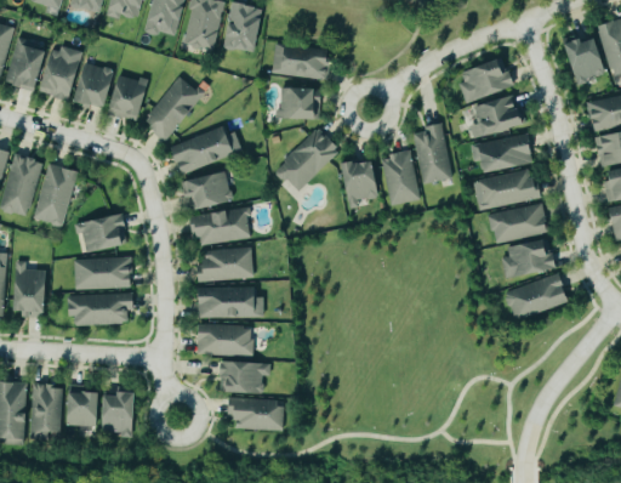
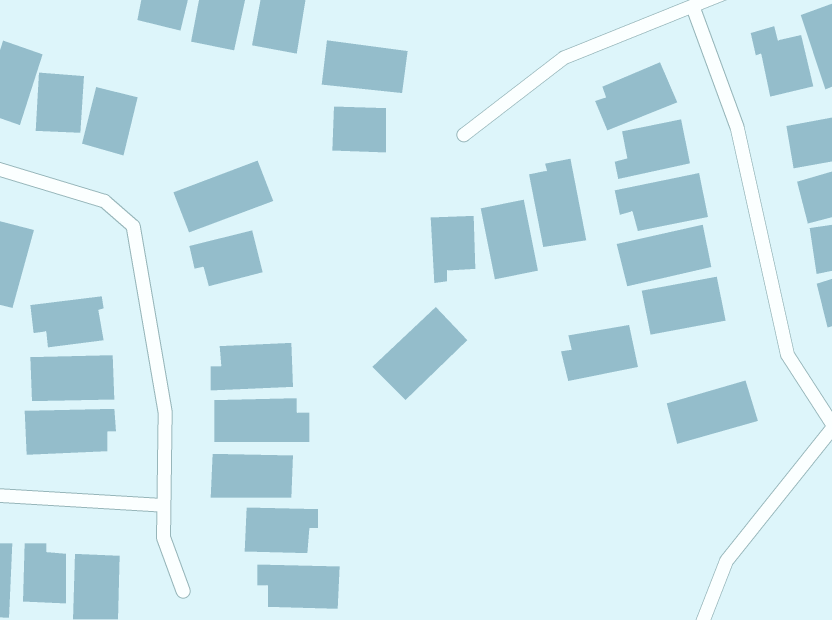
building: [141,76,201,142] -> none
building: [273,129,338,193] -> [372,306,468,401]
building: [190,209,250,246] -> none
building: [500,240,553,279] -> [560,324,639,382]

